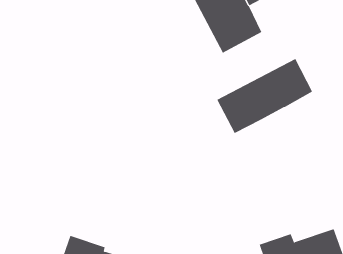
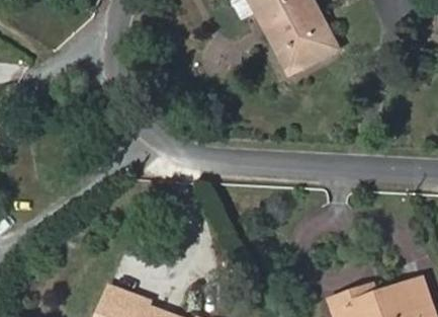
building: [216,58,313,134] -> none

